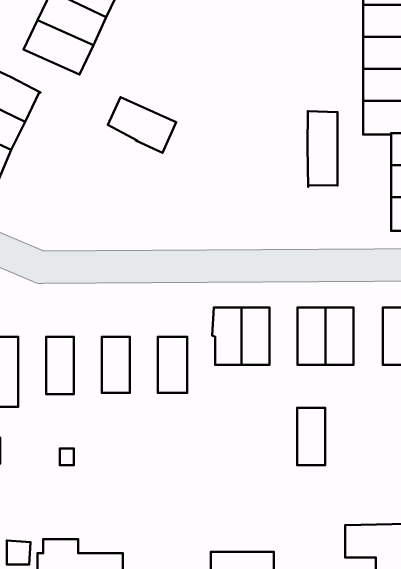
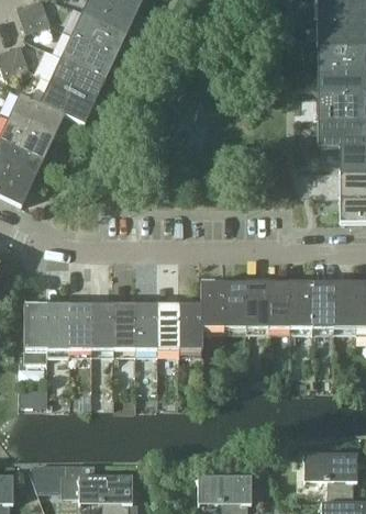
building: [108,97,176,153] -> [42,79,96,123]
building: [307,111,337,187] -> none
building: none -> [311,282,334,327]
building: none -> [180,304,203,349]
building: none -> [47,305,69,350]
building: none -> [91,305,113,350]
building: none -> [135,305,157,349]
building: [297,408,325,465] -> [245,282,267,327]

